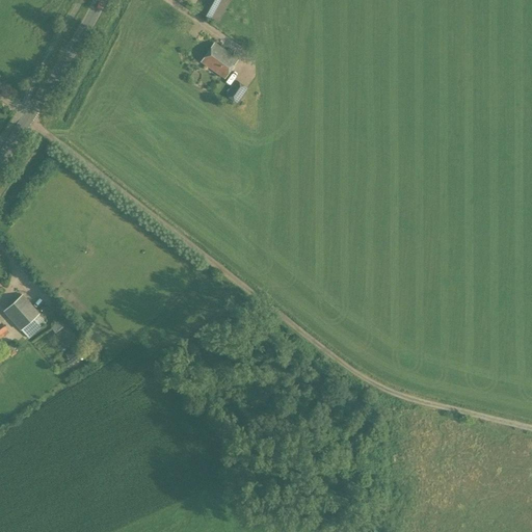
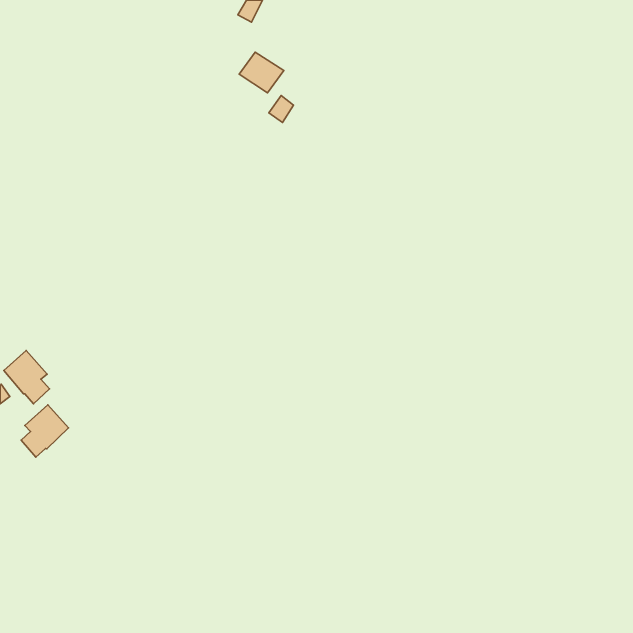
building: none -> [21,405,69,457]

